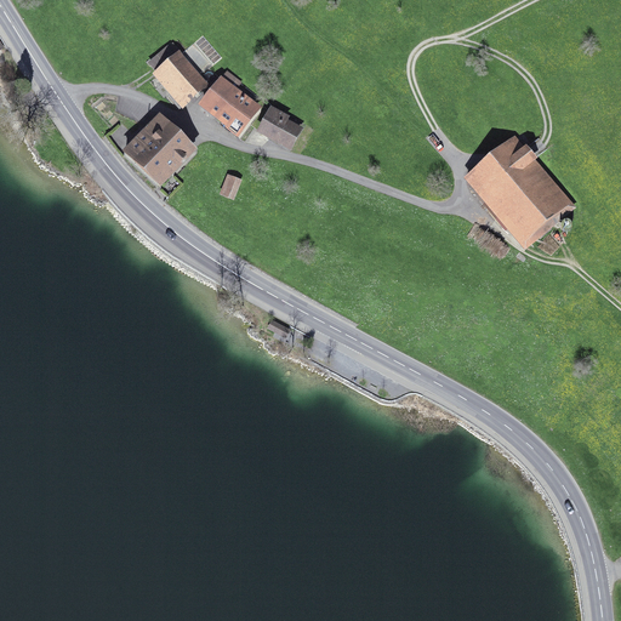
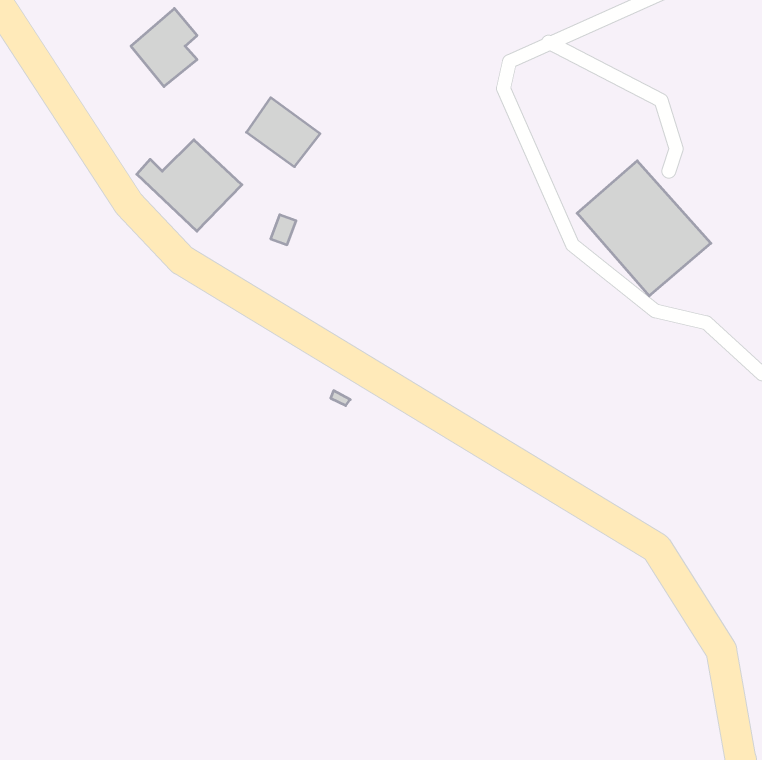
building: [153,44,206,107] -> [131,8,197,87]
building: [256,107,301,149] -> none

